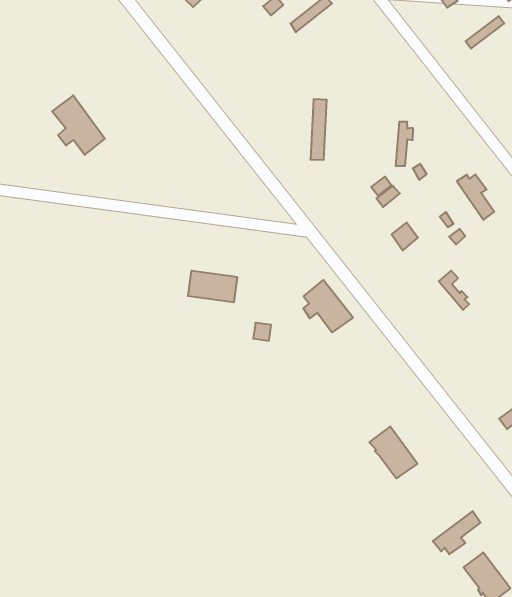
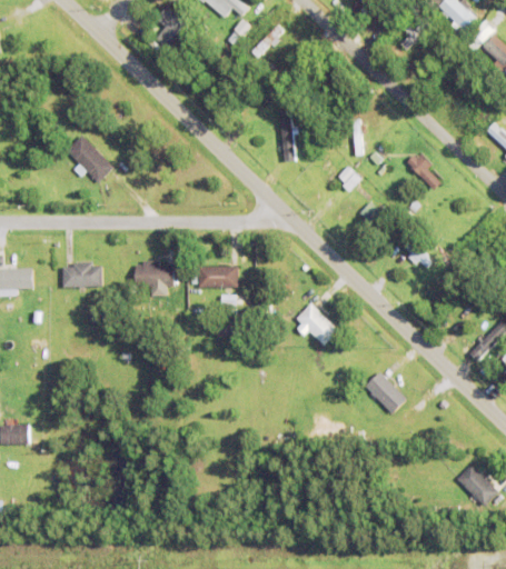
building: none -> [60,262,101,288]
building: none -> [135,260,173,287]
building: [303,280,353,332] -> [296,302,339,345]
building: [433,511,481,554] -> none

